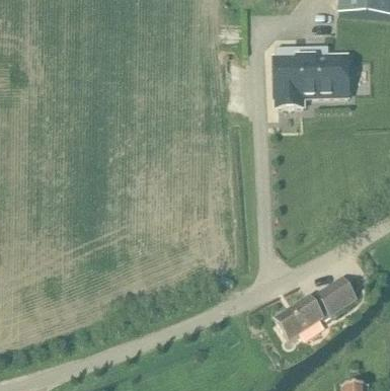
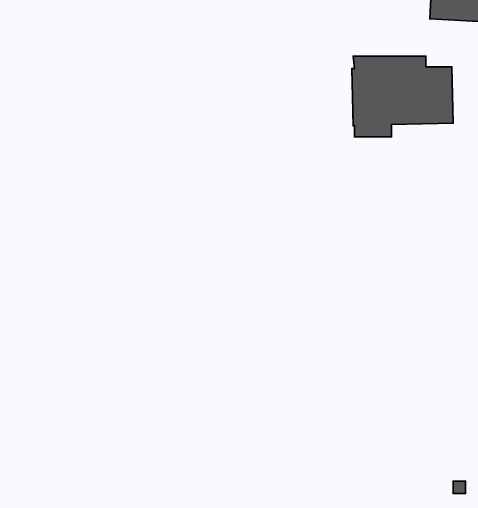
building: [275,276,357,339] -> none

